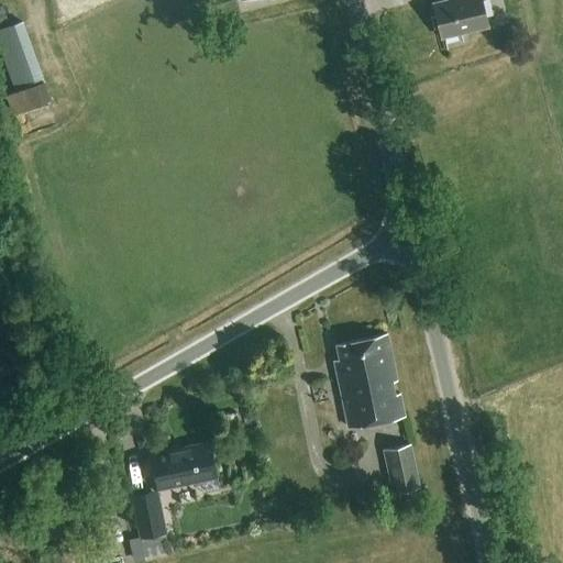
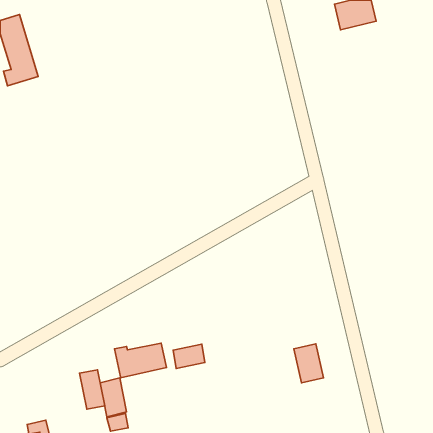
building: [333,335,406,429] -> none
building: none -> [173,344,205,368]
building: none -> [80,370,105,409]

